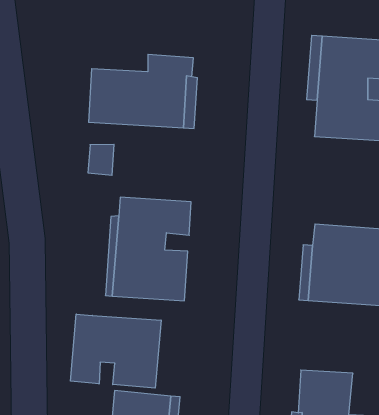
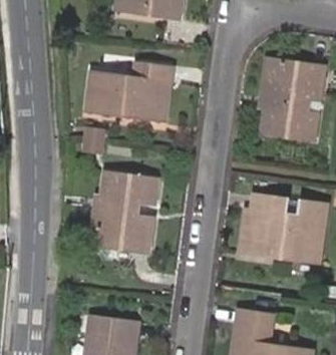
building: [71,314,161,388] -> none

